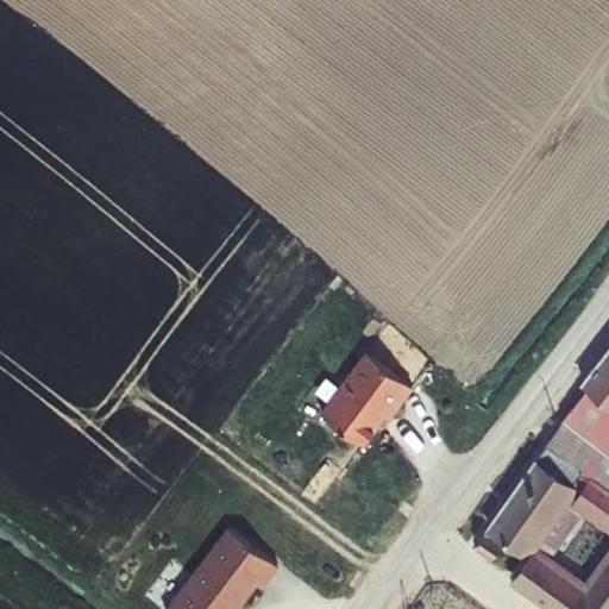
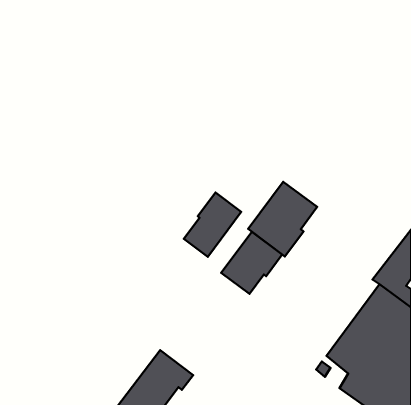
building: none -> [248,182,317,256]
building: none -> [184,192,241,257]

